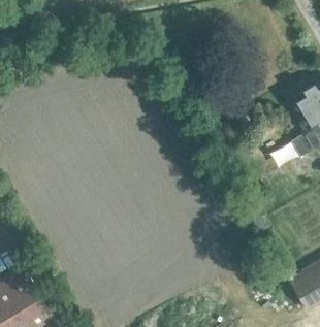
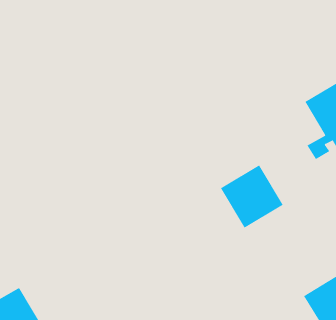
building: none -> [220,164,283,228]

